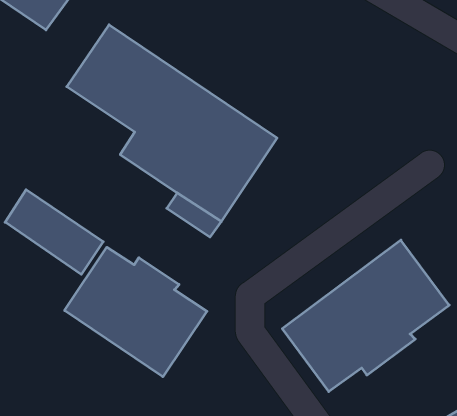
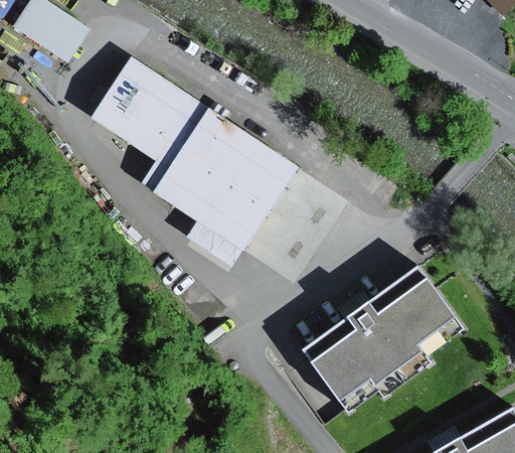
building: [5,190,103,274] -> none
building: [65,247,207,377] -> none

